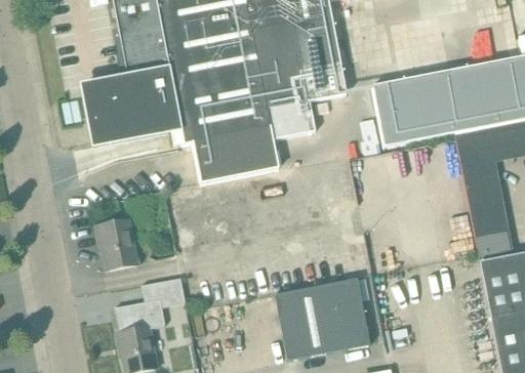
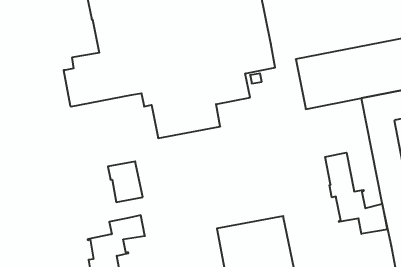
building: none -> [325,153,387,234]
building: [95,219,138,270] -> [108,161,143,202]

